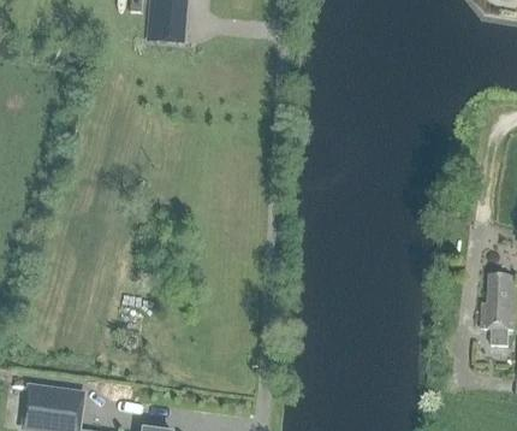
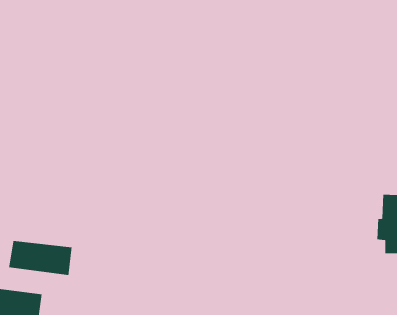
building: none -> [9,240,72,276]

